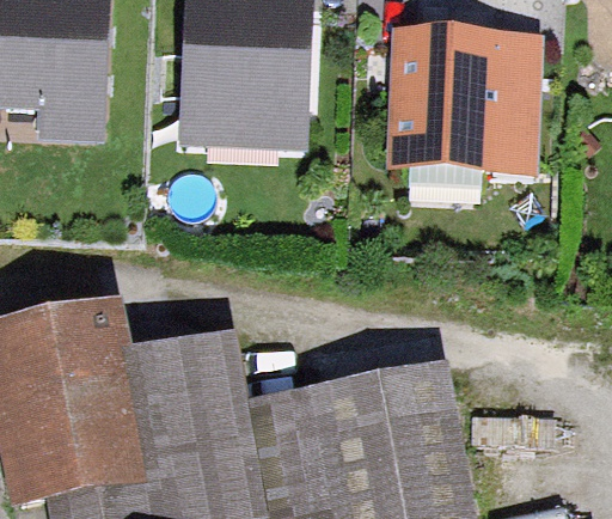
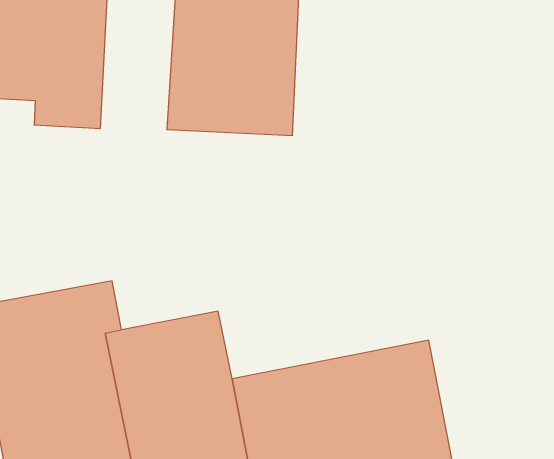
building: [387,29,540,170] -> none

